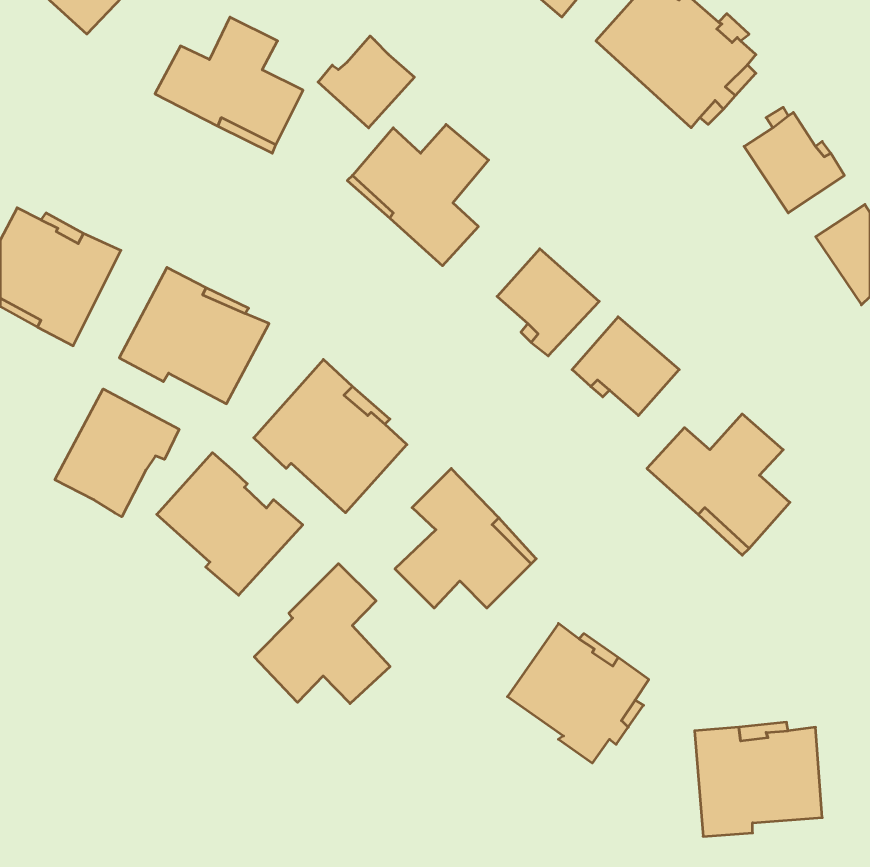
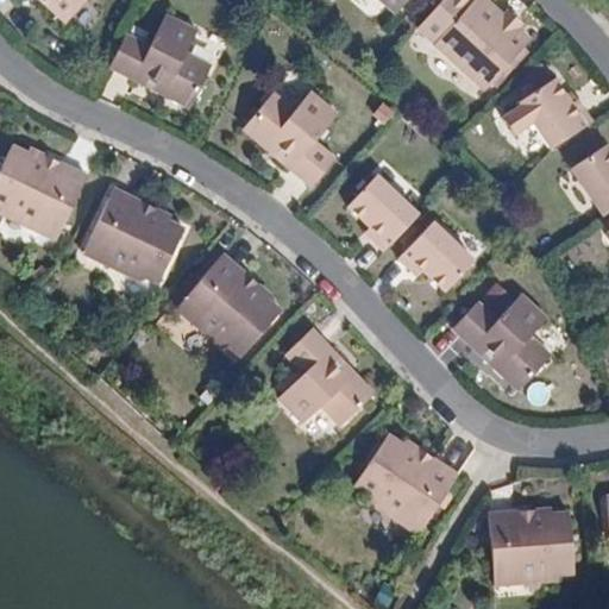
building: [318,36,414,128] -> none
building: [55,389,179,517] -> none
building: [157,453,303,595] -> none
building: [254,564,390,704] -> none

